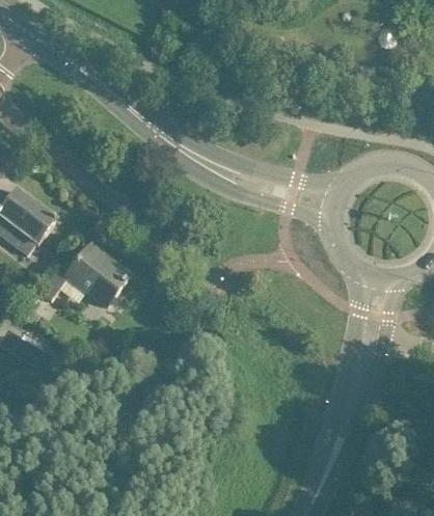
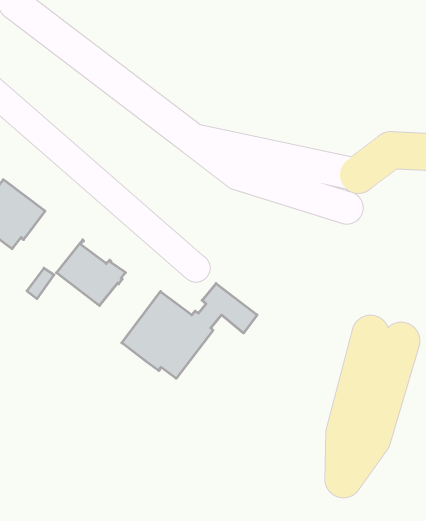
building: none -> [122,283,257,378]

